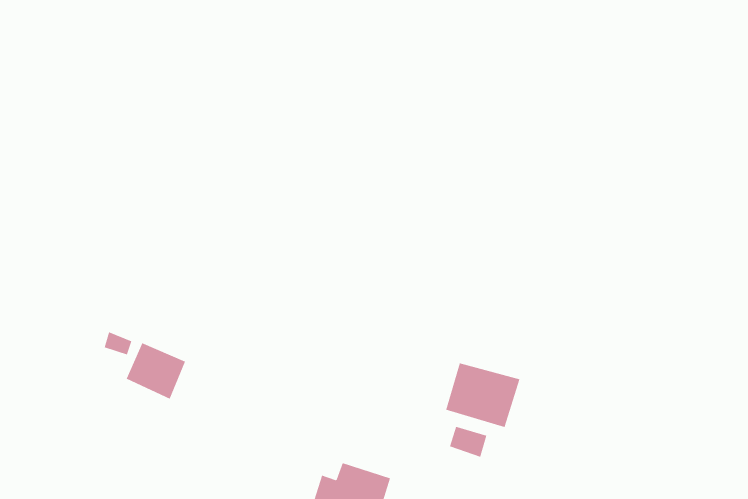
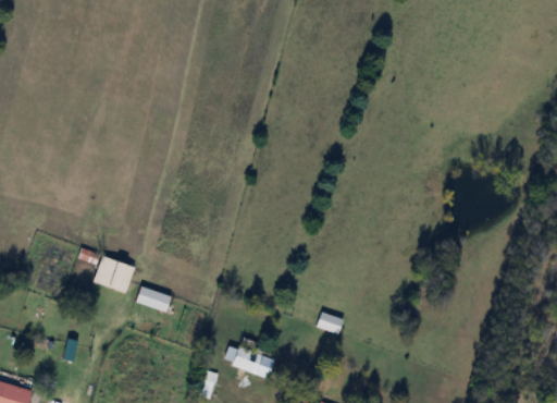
building: [446,363,520,428] -> none
building: none -> [136,285,172,313]

